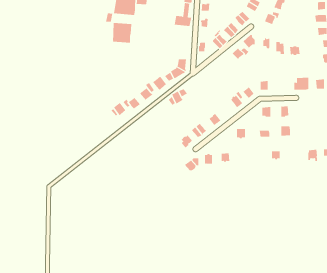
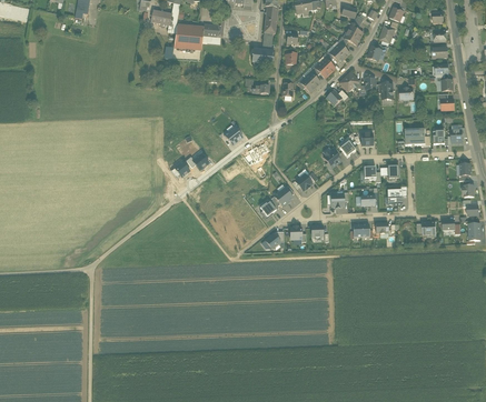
building: [112,22,132,44] -> none

